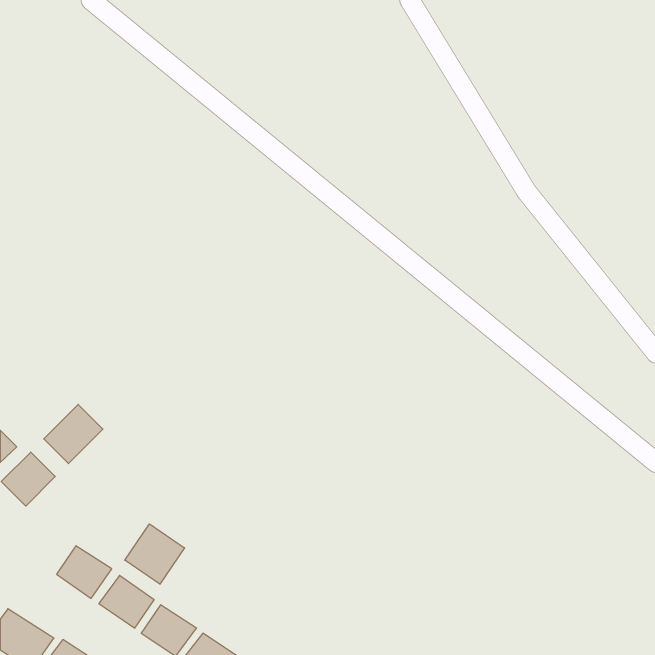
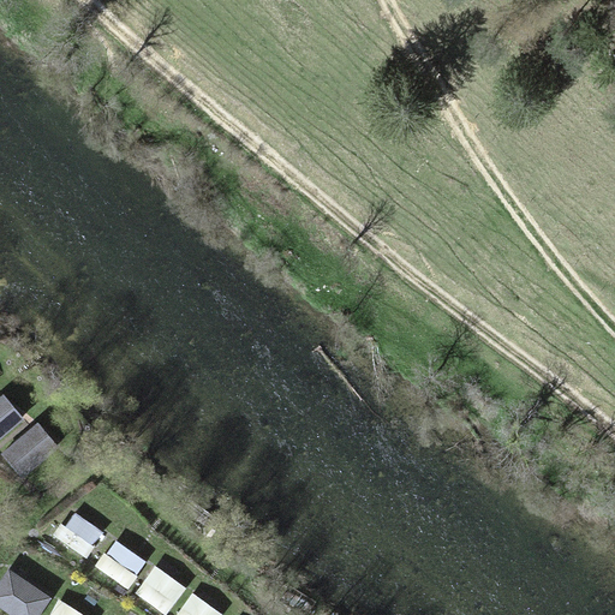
building: [44,404,103,464] -> none
building: [125,524,185,584] -> none

